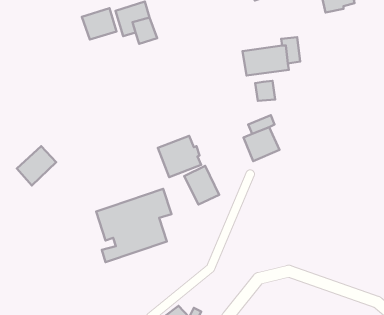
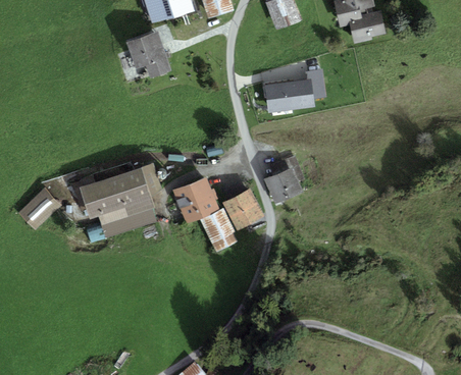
building: [82,8,117,40] -> none
building: [255,81,275,101] -> none
building: none -> [224,191,262,229]
building: [96,189,171,262] -> [80,163,161,243]

